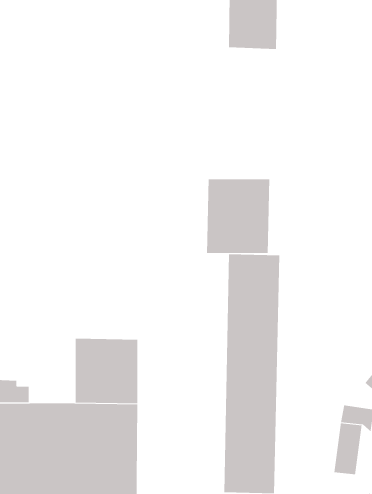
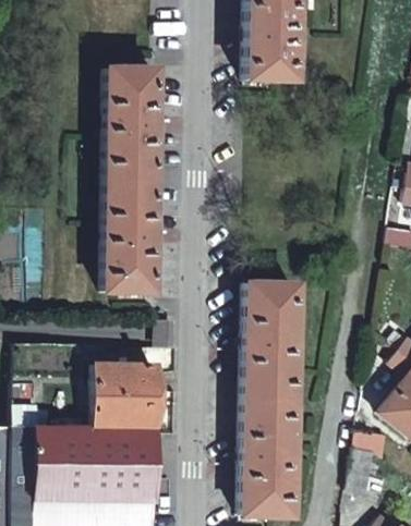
building: none -> [106,68,158,292]
building: [206,179,270,254] -> none

